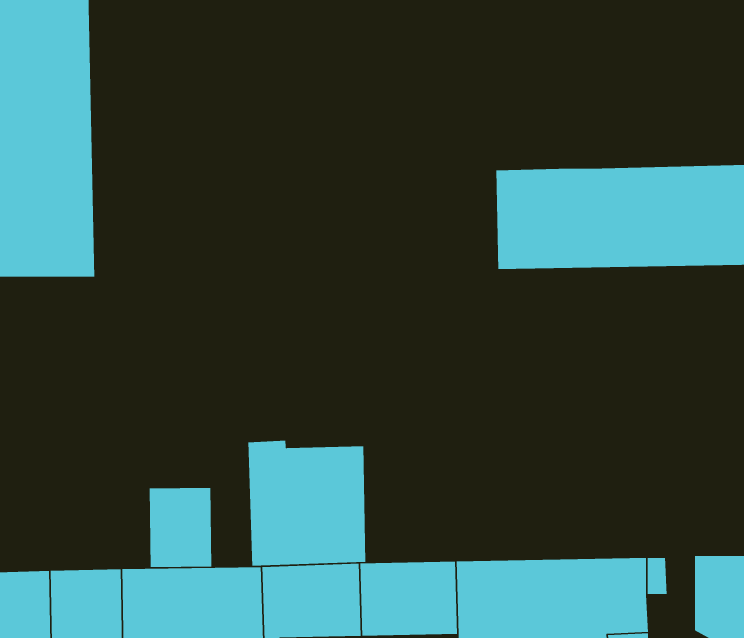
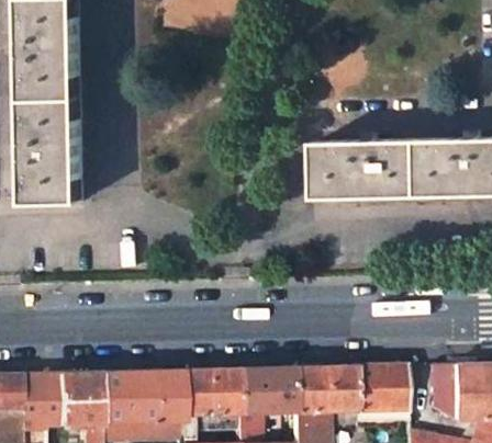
building: [248,440,366,566] -> none
building: [149,487,212,568] -> none

